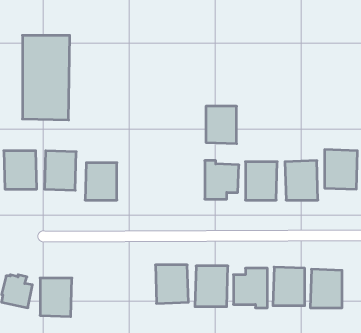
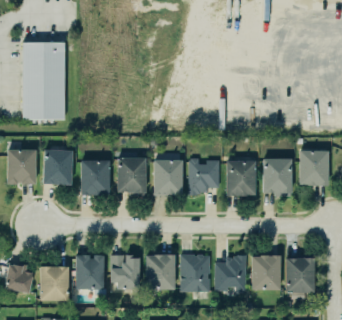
building: [206,106,237,144] -> [155,161,183,195]
building: none -> [117,157,145,191]
building: none -> [75,254,103,289]
building: none -> [110,256,139,290]

